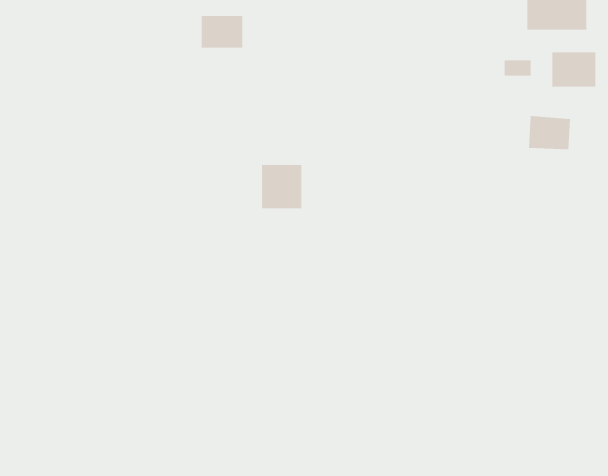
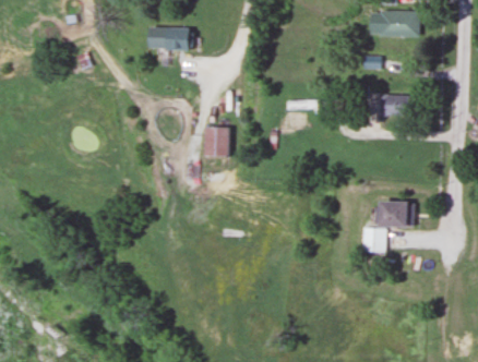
building: [552,51,596,87] -> none
building: none -> [359,201,411,252]

